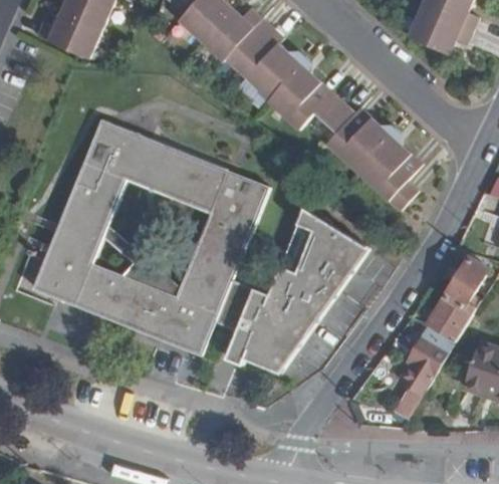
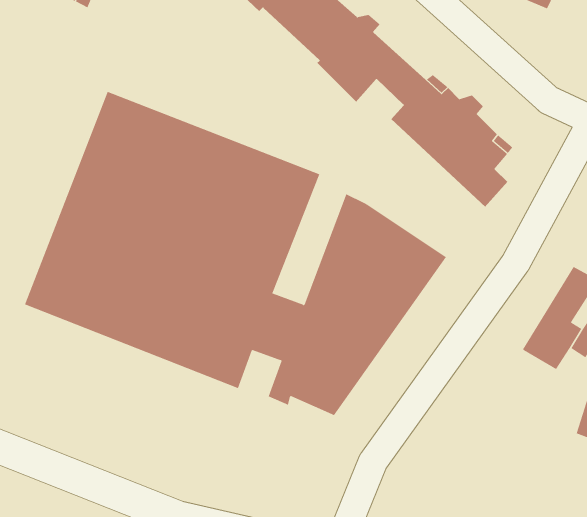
building: [393,324,454,420] -> none

